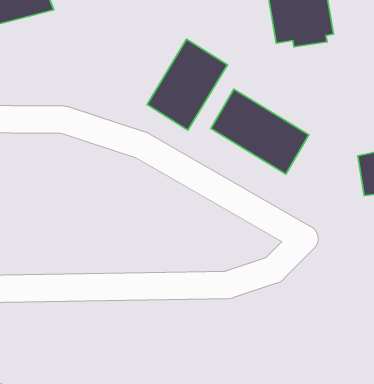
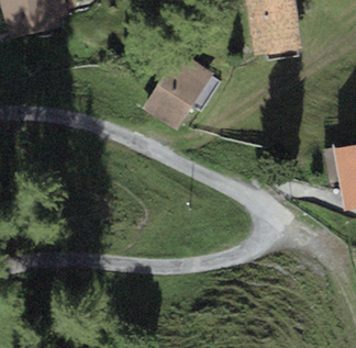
building: [211,89,309,174] -> none

